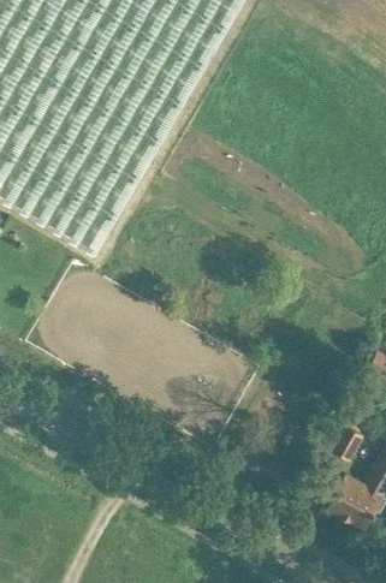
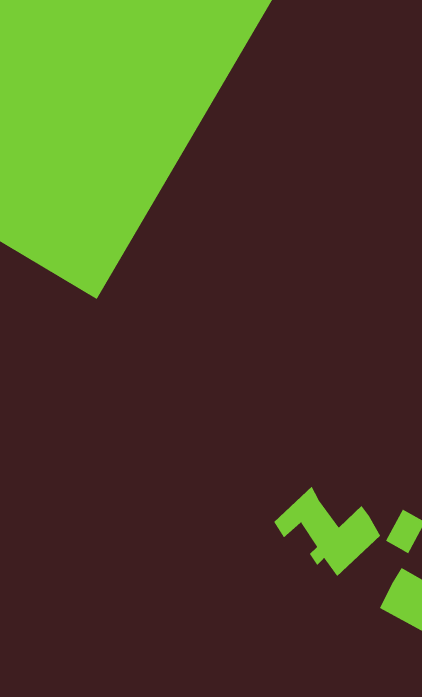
building: none -> [274,486,381,577]

